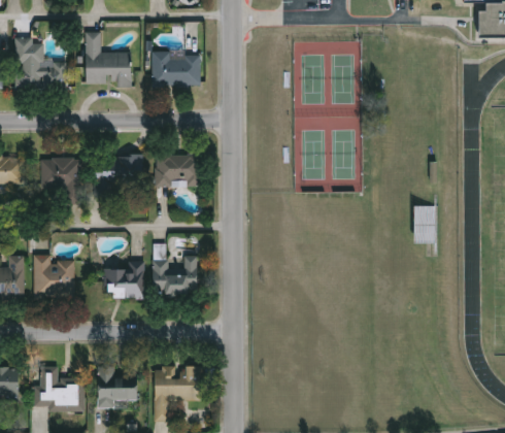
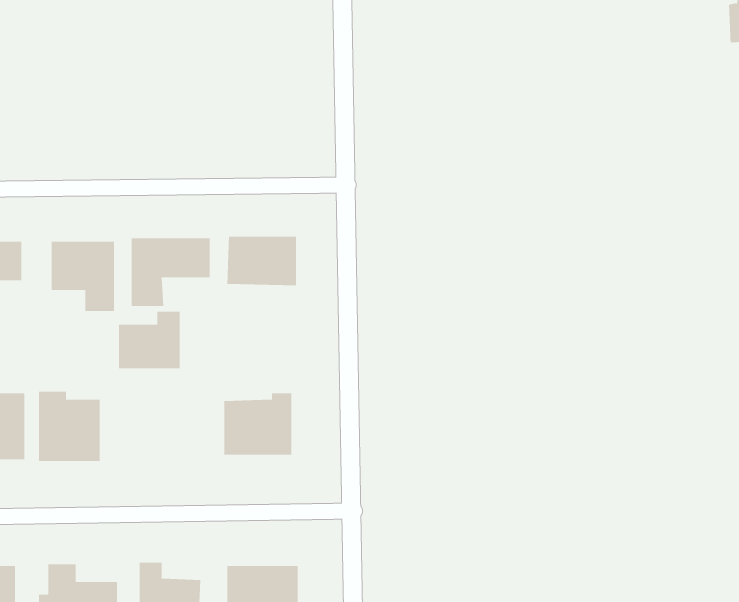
building: [86,32,131,86] -> none
building: [14,37,66,89] -> none
building: [153,53,200,86] -> none
building: [414,206,434,243] -> none
building: [104,261,144,298] -> [118,311,180,369]

